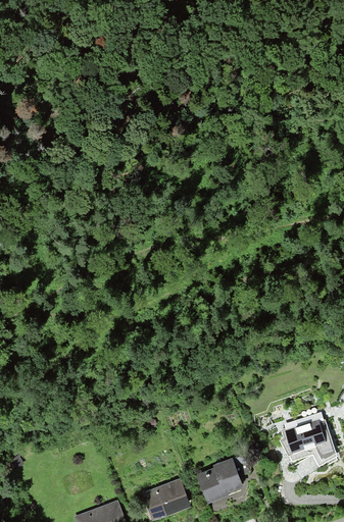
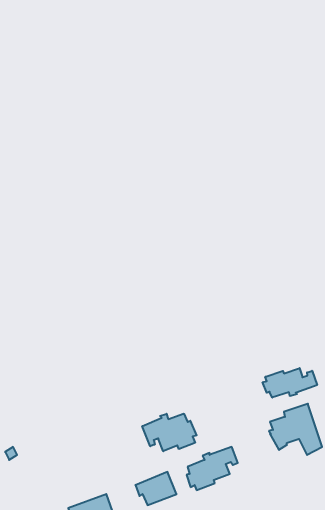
building: none -> [263,368,317,398]
building: none -> [142,414,197,451]

